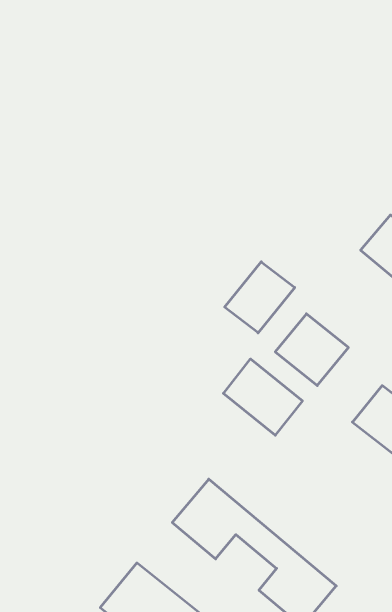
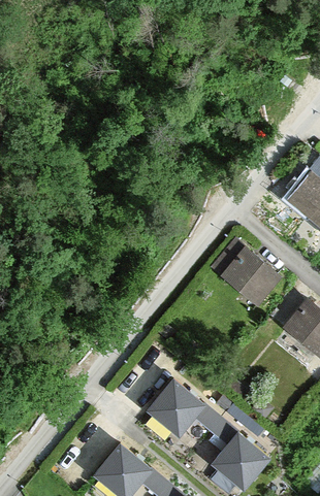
building: [225,262,295,333] -> none
building: [223,359,302,435] -> none

